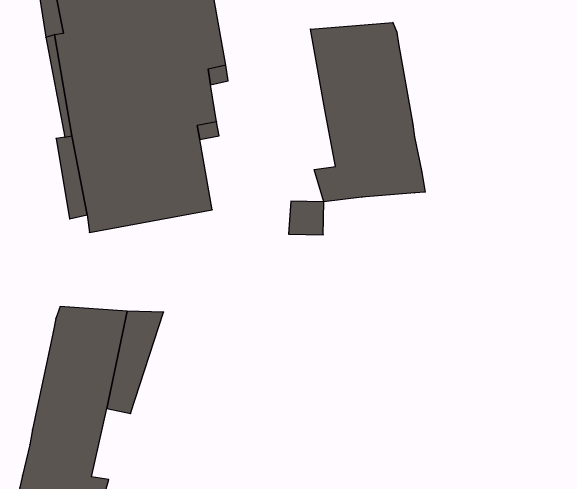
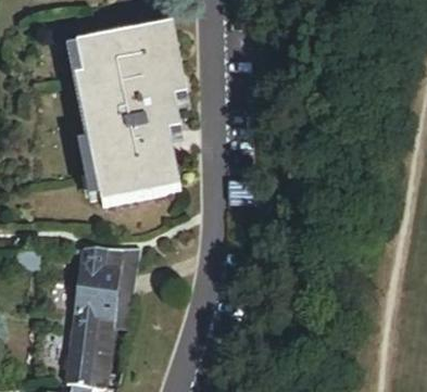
building: [310,22,425,202] -> none

